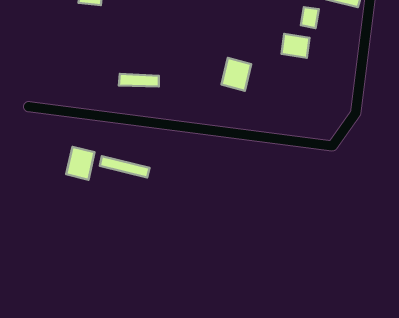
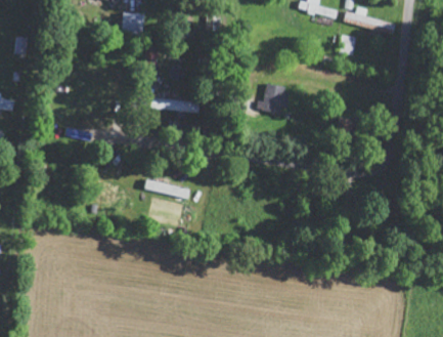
building: [281,34,309,58] -> none
building: [66,147,95,180] -> none

